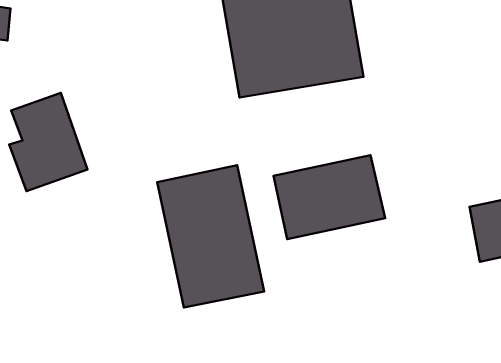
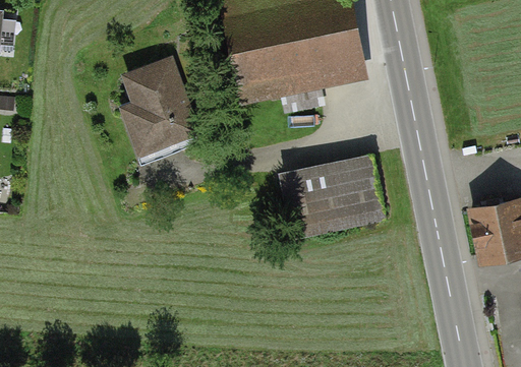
building: [9,93,88,191] -> [121,57,198,154]
building: [157,165,264,307] -> none

